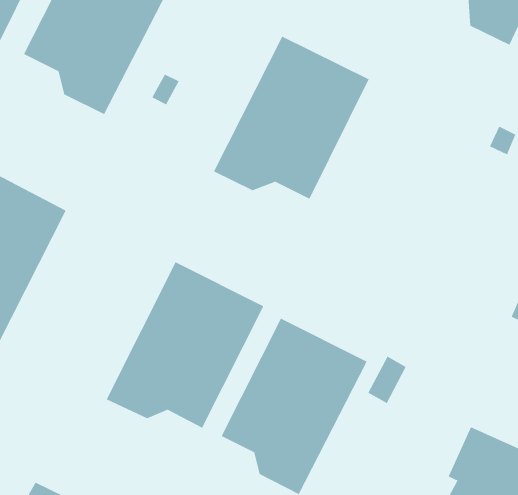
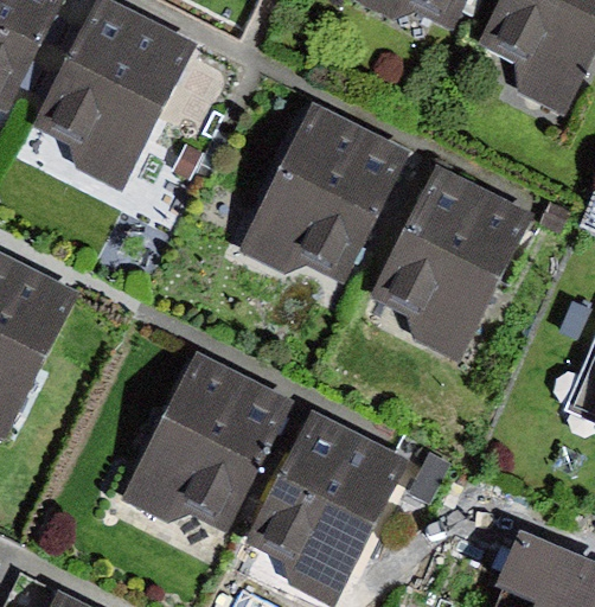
building: none -> [370,162,533,360]

